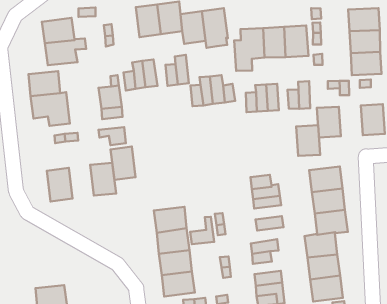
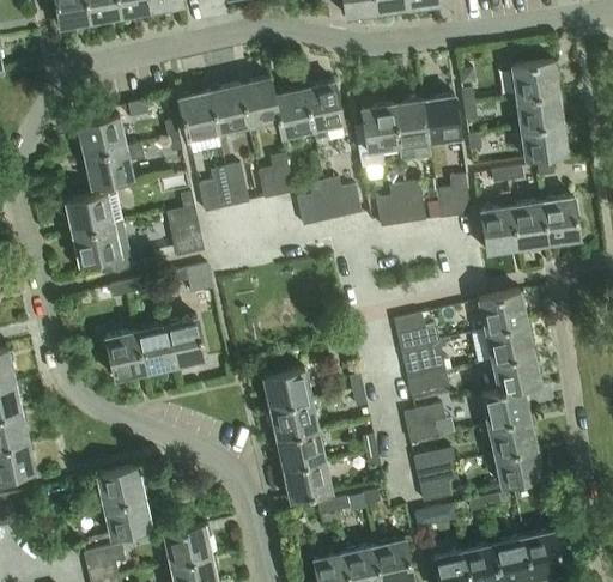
building: none -> [177,93,218,143]
building: [296,125,320,156] -> [511,202,550,249]
building: [111,146,136,180] -> [135,325,175,375]
building: [190,217,214,244] -> none
building: none -> [97,468,145,508]

